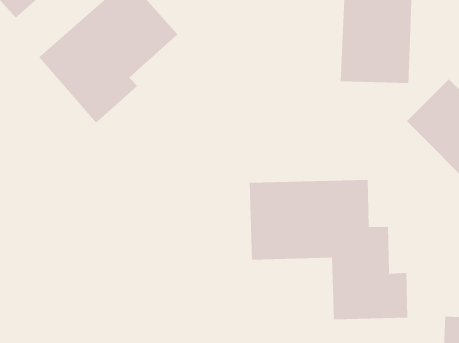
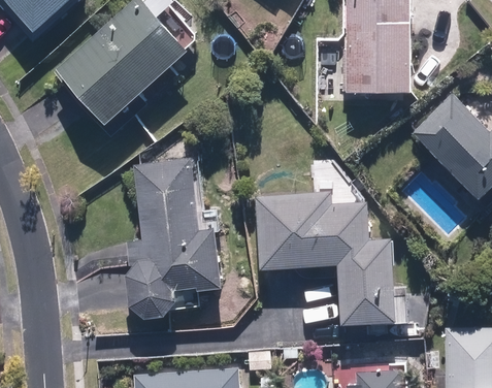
building: none -> [119,160,222,319]

